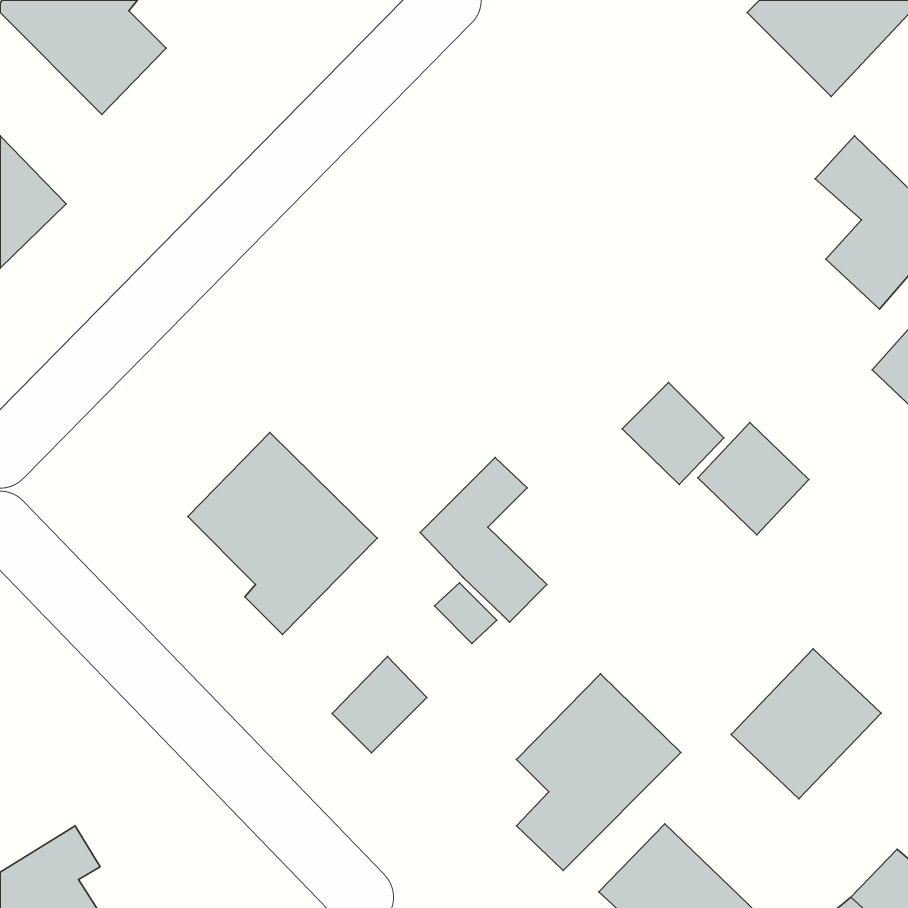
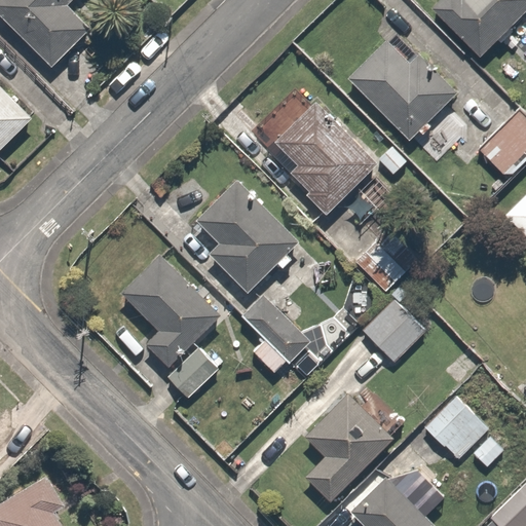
building: none -> [346,39,462,145]
building: none -> [278,103,379,216]
building: none -> [198,181,296,292]
building: [698,422,809,535] -> [364,301,427,366]
building: [332,656,427,753] -> [166,345,221,401]

